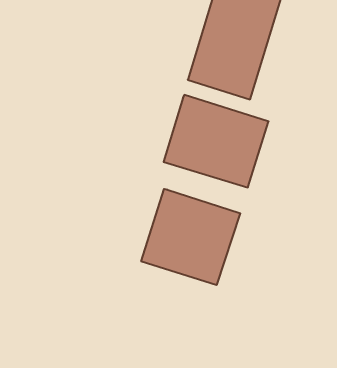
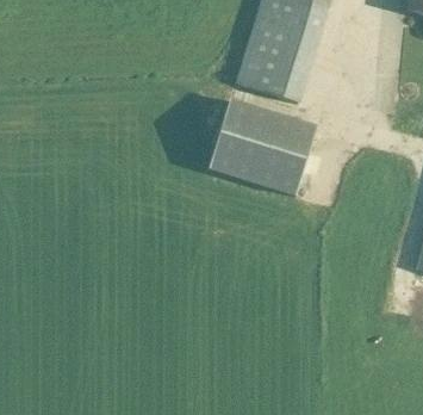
building: [141,189,240,285] -> none

